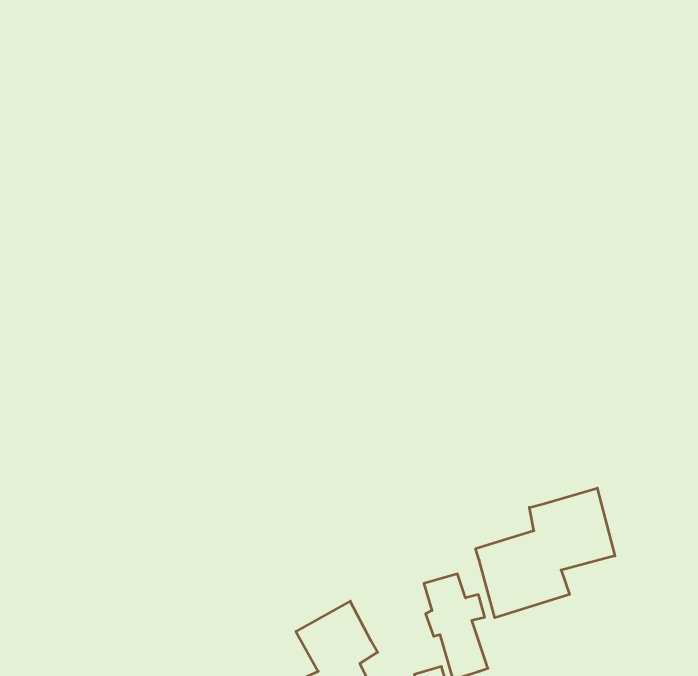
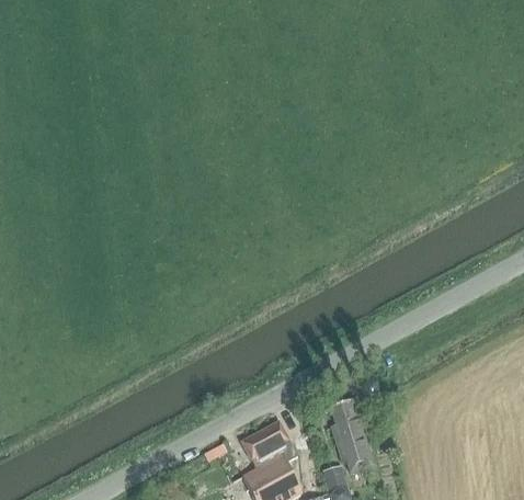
building: [476,488,615,618] -> none

